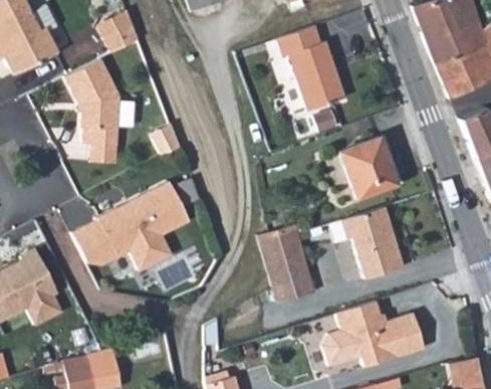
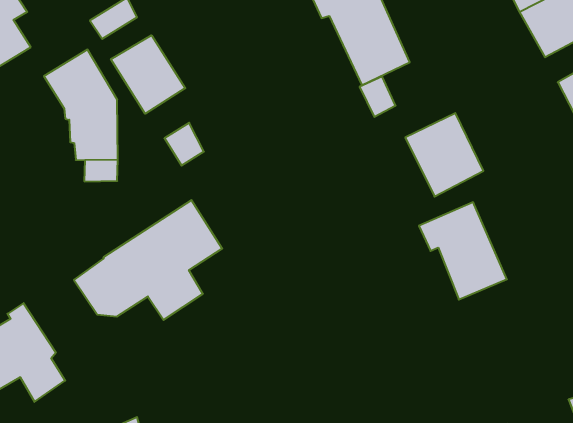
building: none -> [111,35,185,114]
building: [257,224,312,303] -> none
building: [324,298,426,366] -> none

